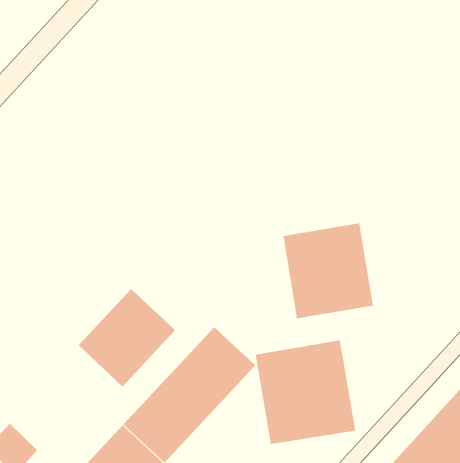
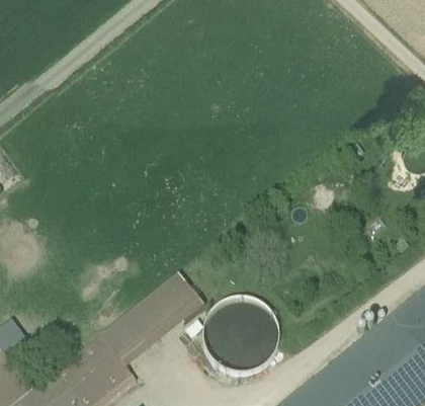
building: [283,223,373,319] -> none
building: [78,288,176,387] -> none

